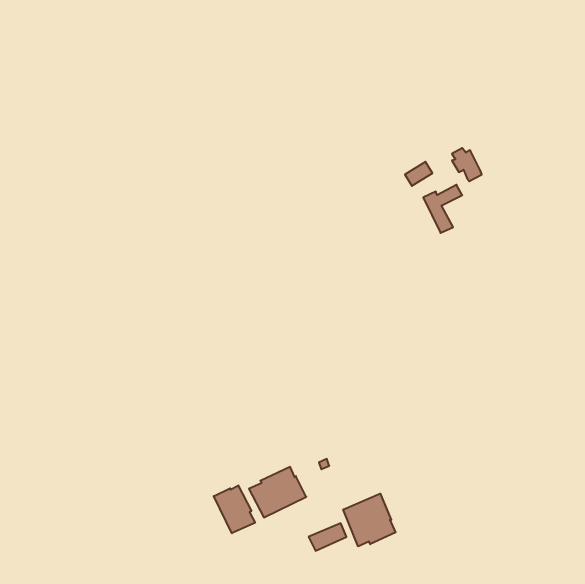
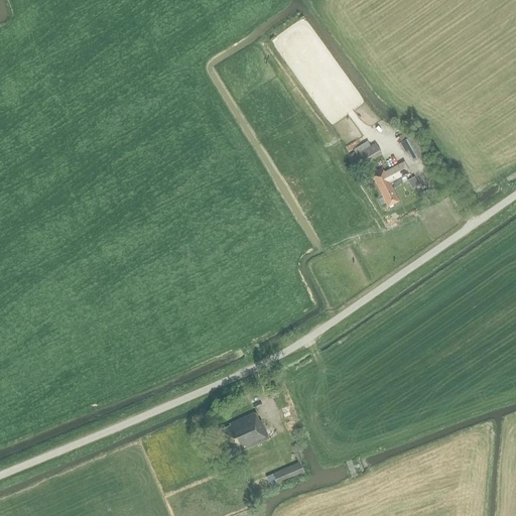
building: [214,485,255,533] -> none
building: [343,494,396,546] -> none

